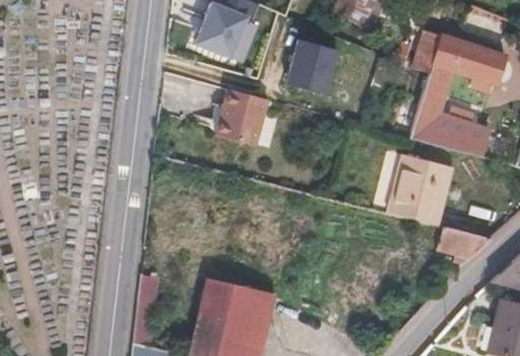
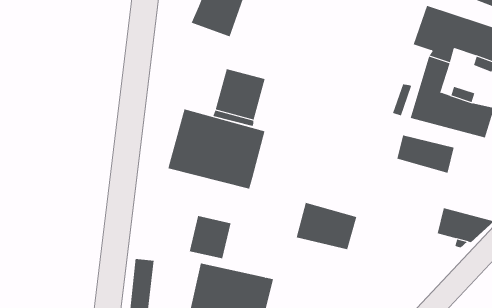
building: [287,40,337,91] -> none
building: none -> [168,108,265,190]
building: [388,177,448,224] -> [296,202,357,250]
building: none -> [189,215,231,259]

